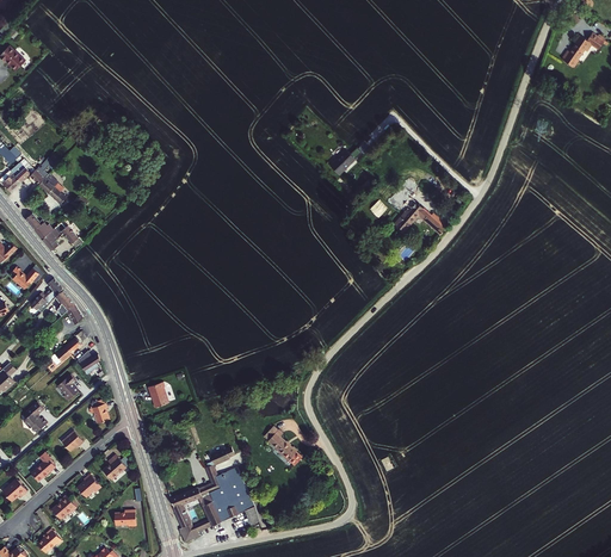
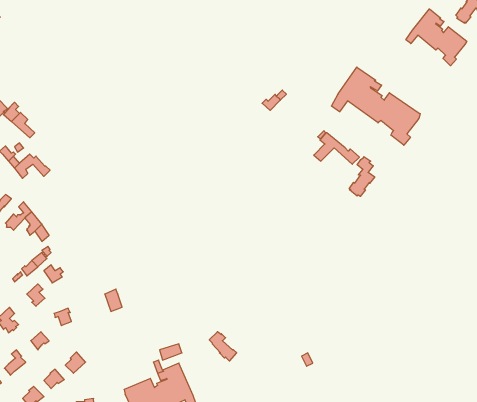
building: none -> [406,9,467,66]
building: none -> [331,67,420,145]
building: none -> [349,157,375,196]

